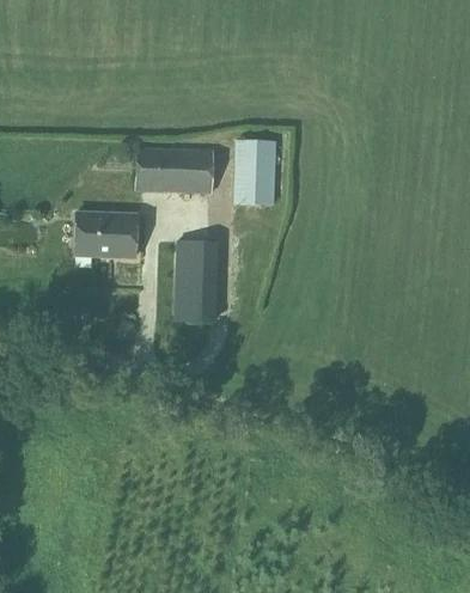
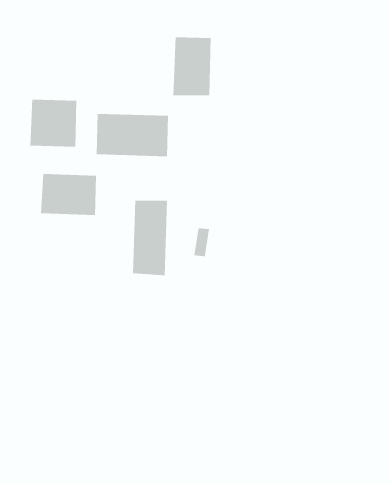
building: none -> [30,99,77,148]
building: [234,140,276,203] -> [173,37,211,96]

